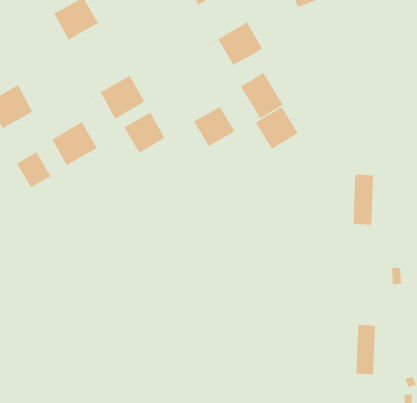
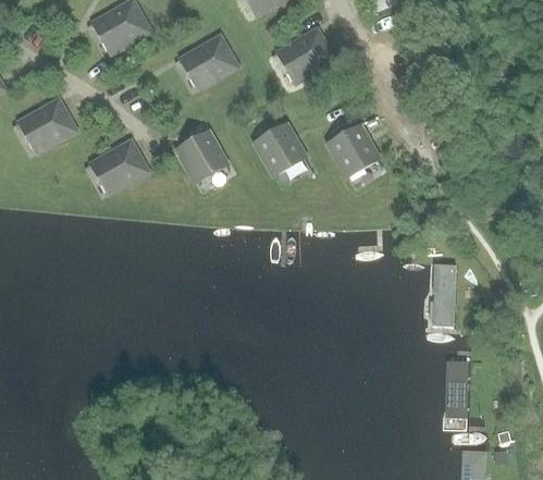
building: [240,72,283,119] -> none
building: [90,75,146,119] -> [175,36,238,86]
building: [16,151,51,188] -> none
building: [353,174,374,225] -> [424,274,448,332]

